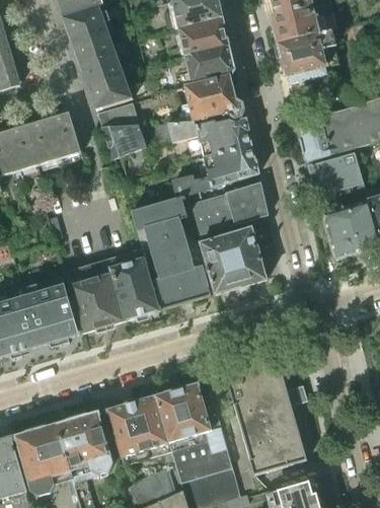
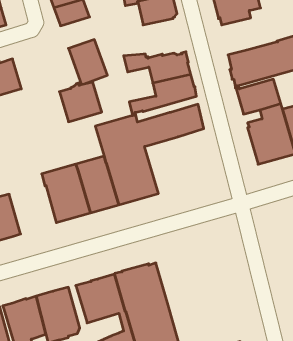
building: [88,73,133,108] -> none
building: [184,75,243,120] -> none
building: [28,114,81,163] -> [59,82,102,122]
building: [202,224,277,292] -> none
building: [24,283,79,345] -> none
building: [226,359,307,474] -> none

